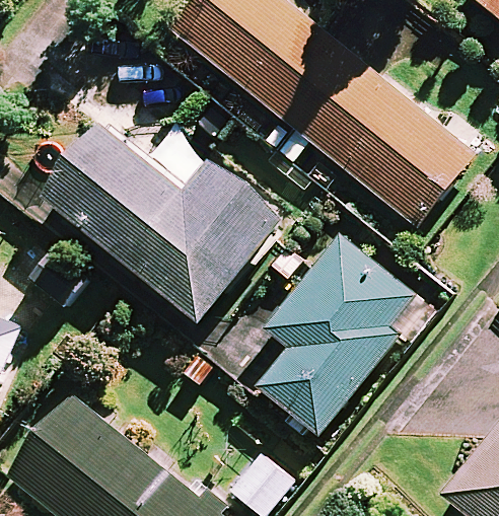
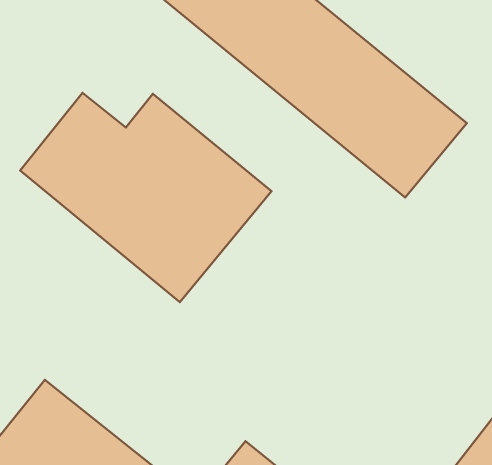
building: [260,234,412,432] -> none

